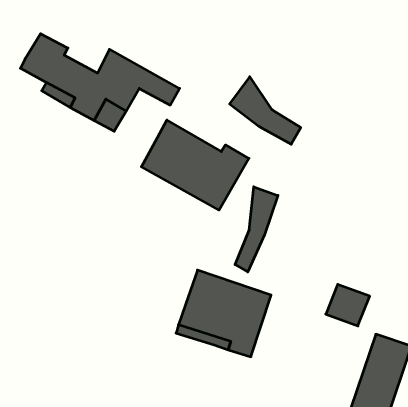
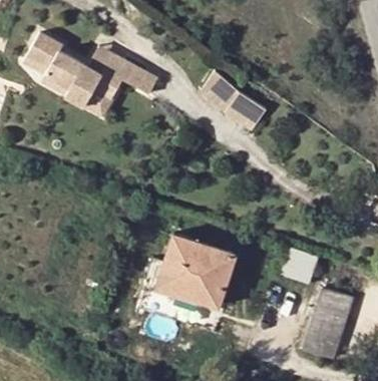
building: [141,120,249,210] -> none
building: [235,187,278,272] -> none

